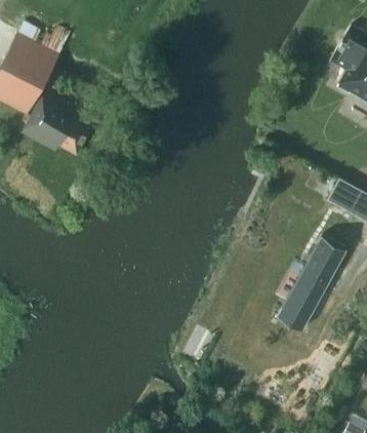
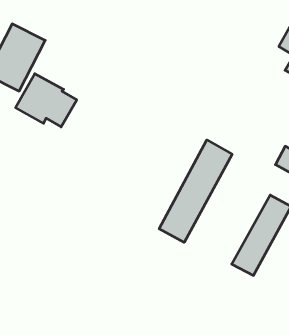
building: none -> [159,140,232,242]

